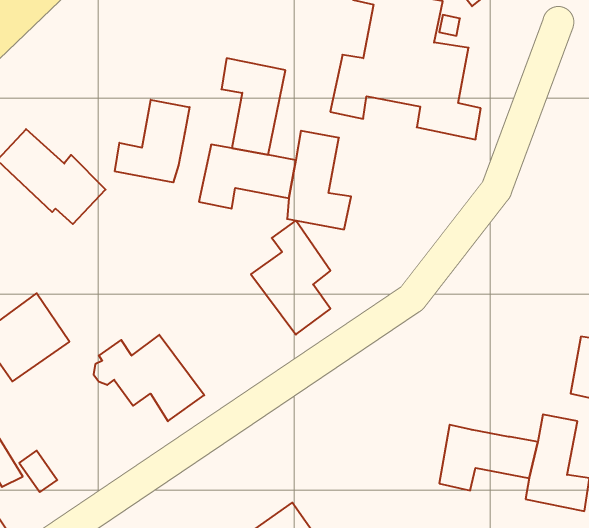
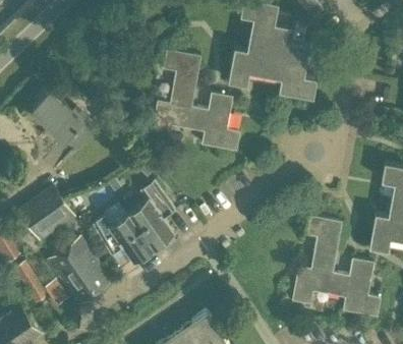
building: [115,100,190,182] -> none
building: [251,221,330,335] -> [127,181,174,248]
building: none -> [304,215,342,273]
building: none -> [48,238,111,304]

